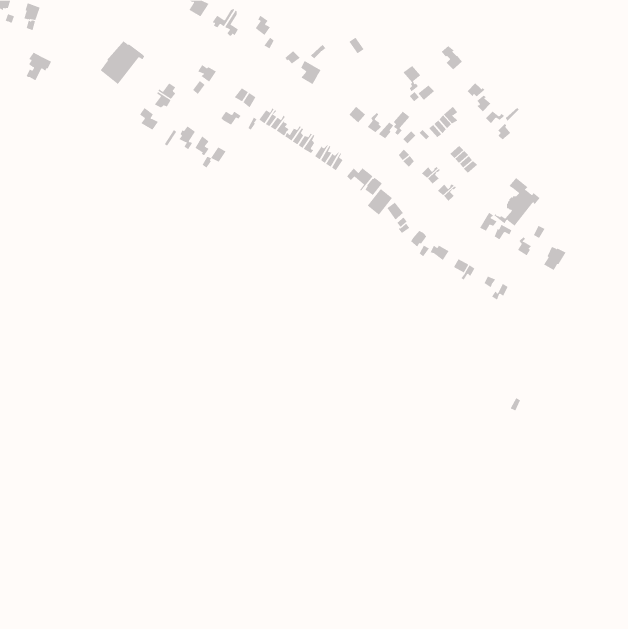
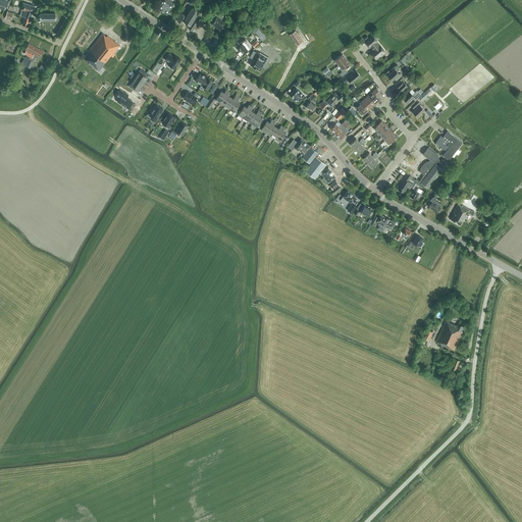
building: none -> [434,130,461,160]
building: none -> [435,320,463,351]

